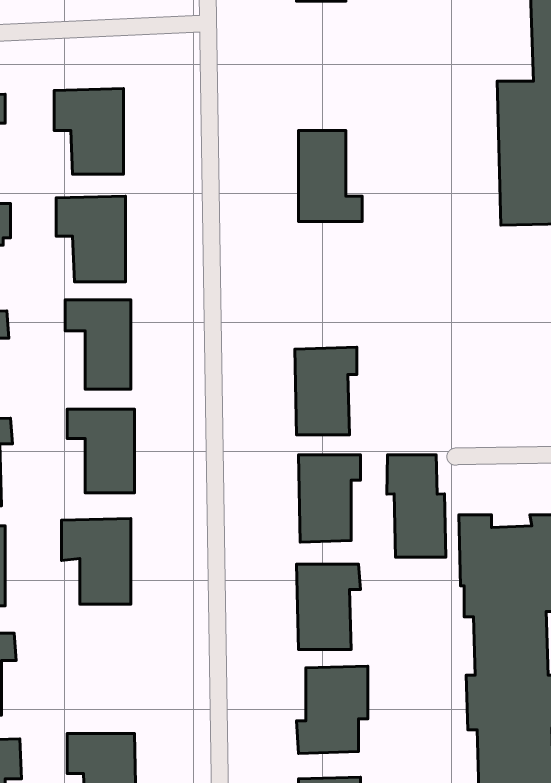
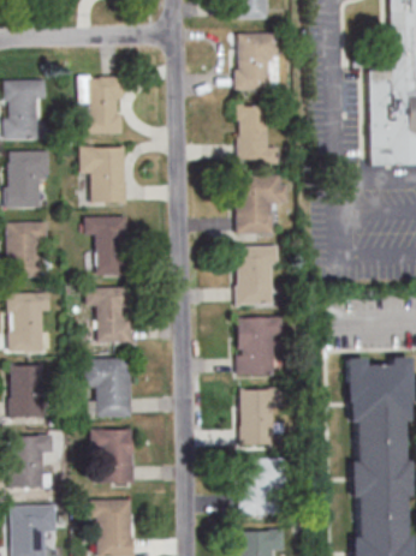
building: none -> [238,34,279,91]
building: none -> [234,174,287,234]
building: [387,455,446,557] -> none
building: none -> [87,429,132,485]

